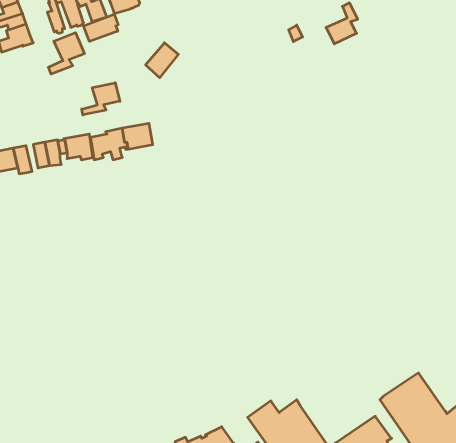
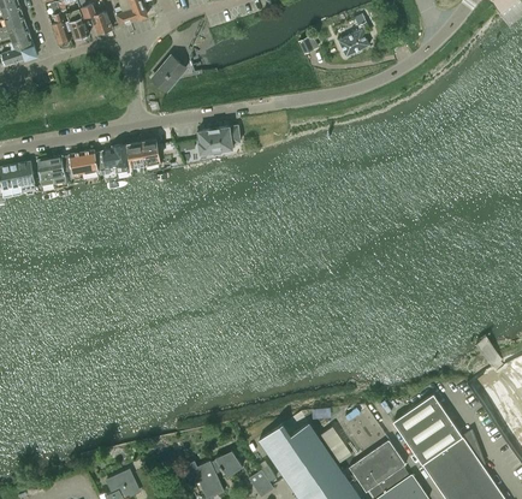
building: [84,14,118,41] -> none
building: [48,33,84,74] -> none
building: [82,83,120,115] -> none
building: none -> [196,125,239,153]

